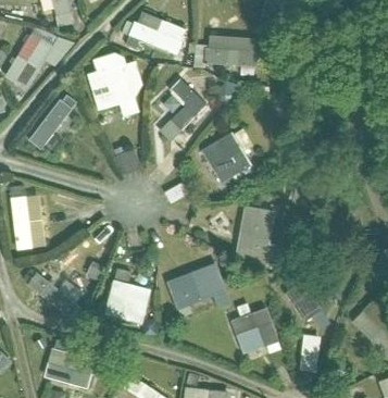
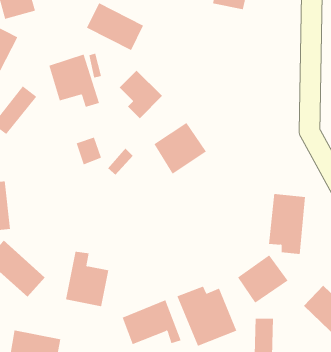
building: [208,32,260,72] -> none
building: [235,206,274,269] -> [268,194,306,255]
building: [168,262,230,309] -> [122,300,181,345]

